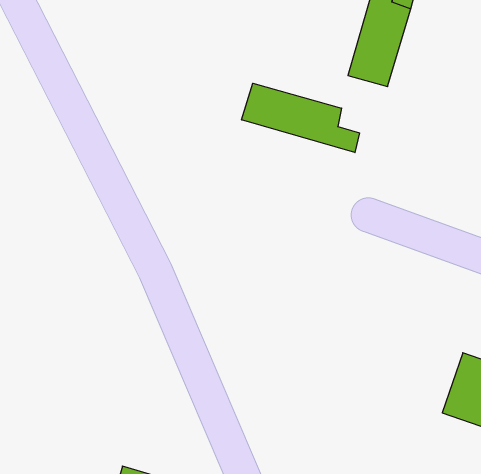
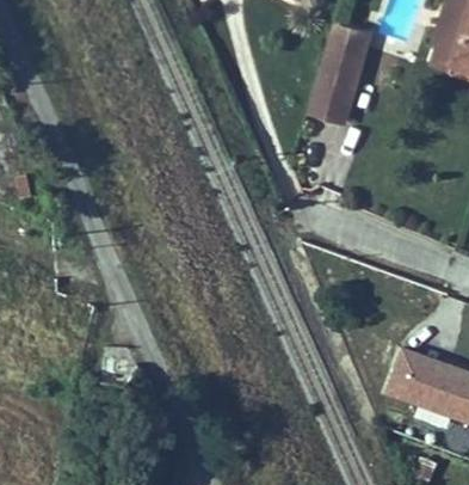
building: [242,83,359,153] -> none

